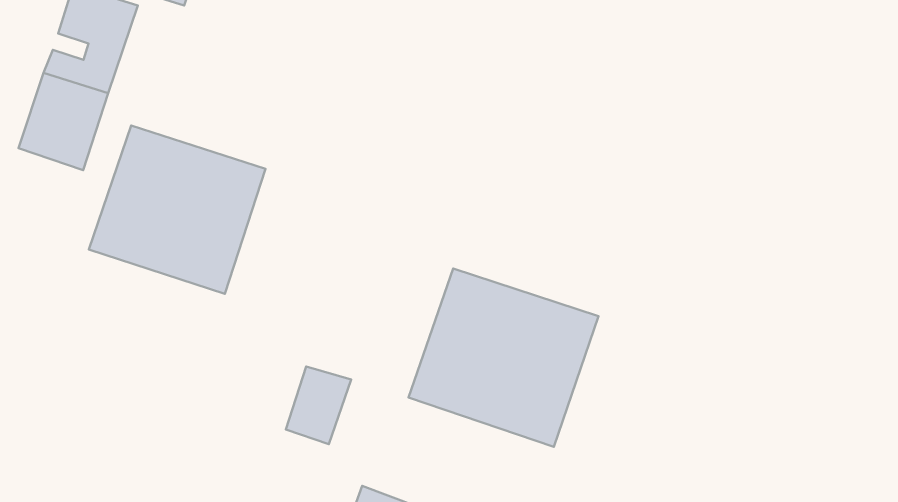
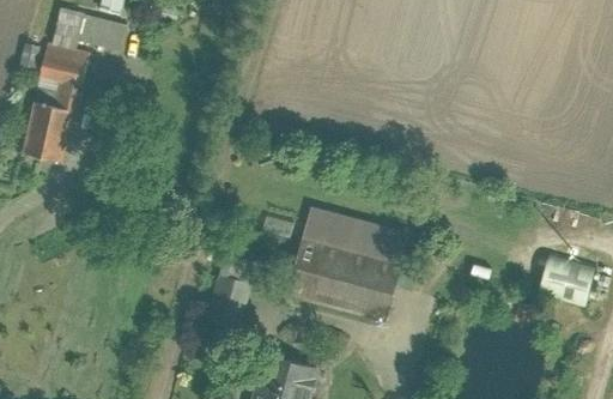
building: [89,126,266,294] -> none
building: none -> [540,254,595,302]

